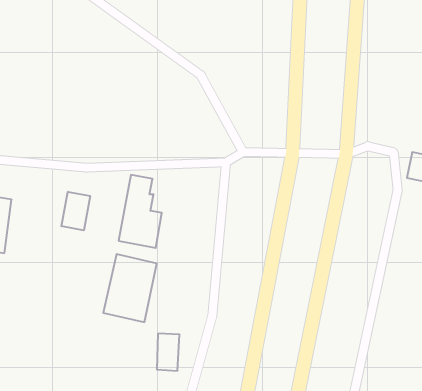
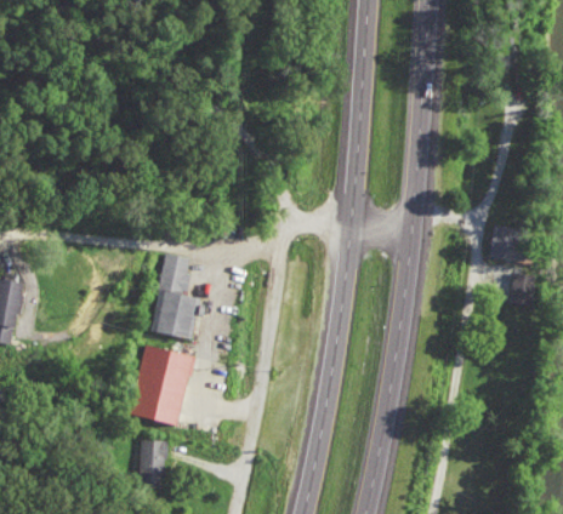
building: [61,192,90,230] -> none
building: [157,334,180,371] -> [137,440,164,484]

